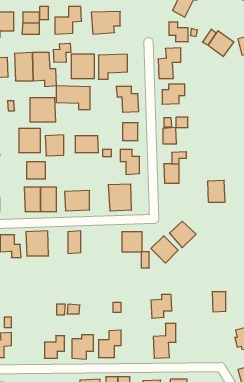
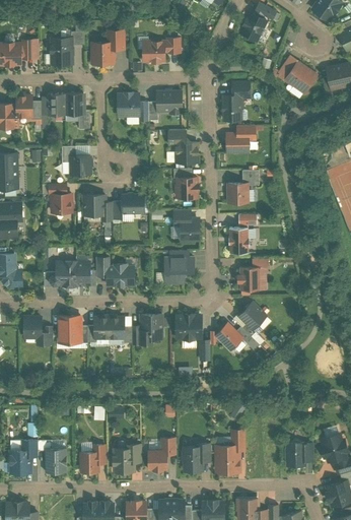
building: [169,22,188,42] -> none
building: [53,43,71,62] -> none
building: [57,86,90,110] -> none
building: [27,162,45,179] -> none
building: [207,180,225,202] -> [236,265,259,292]
building: none -> [92,314,109,341]
building: none -> [137,314,164,344]
building: [212,292,226,312] -> [284,442,301,467]
building: [151,295,172,318] -> [183,442,209,471]
building: none -> [45,448,68,474]

